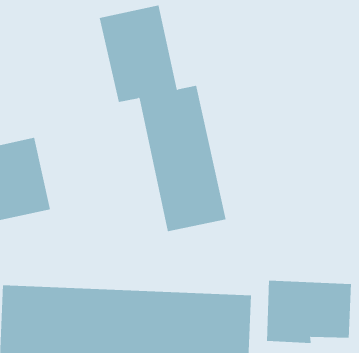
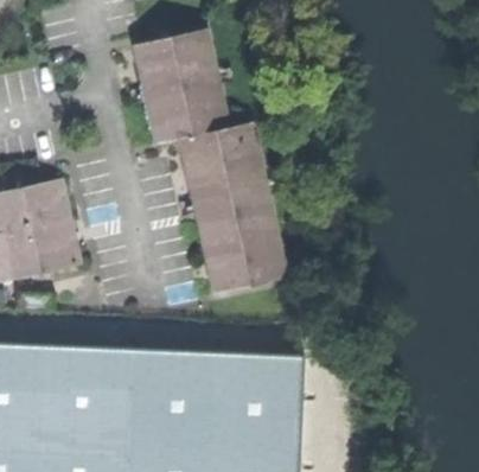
building: [267,280,352,344] -> none

